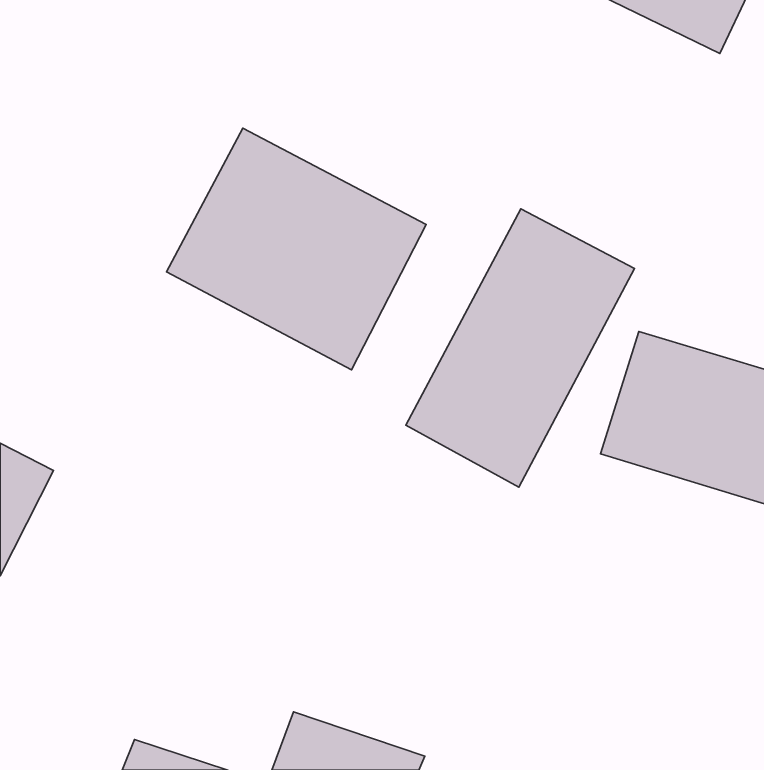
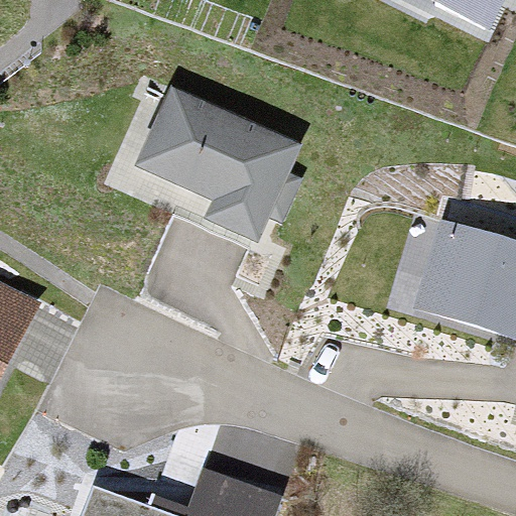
building: [406,209,634,487] -> none

